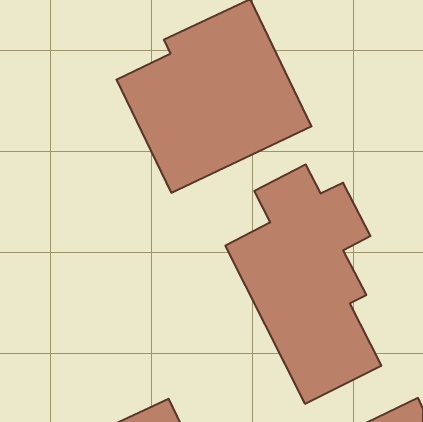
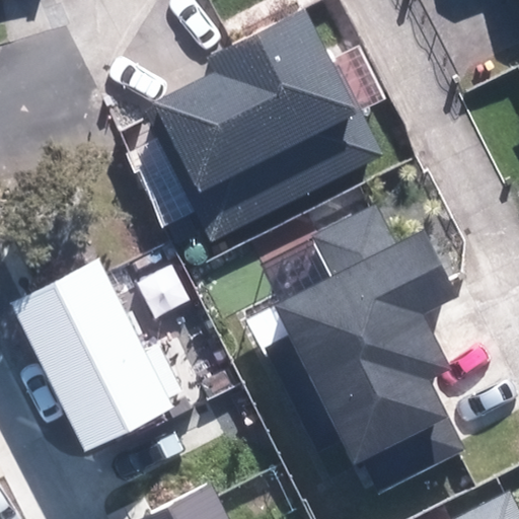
building: none -> [13,266,171,452]

